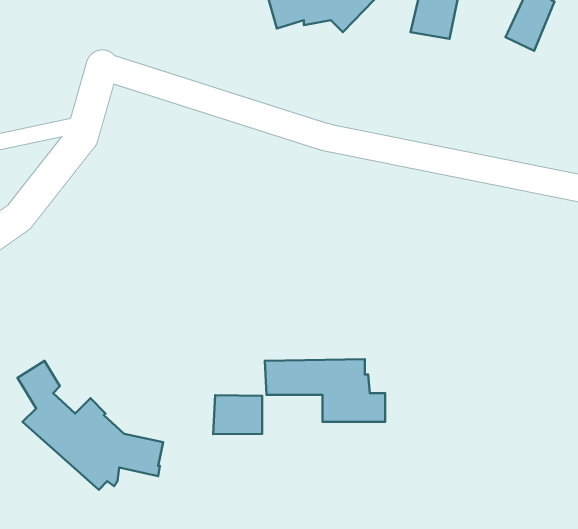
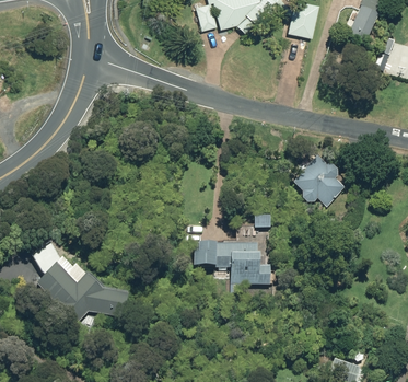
building: none -> [296,155,346,212]
building: [213,395,262,434] -> none

